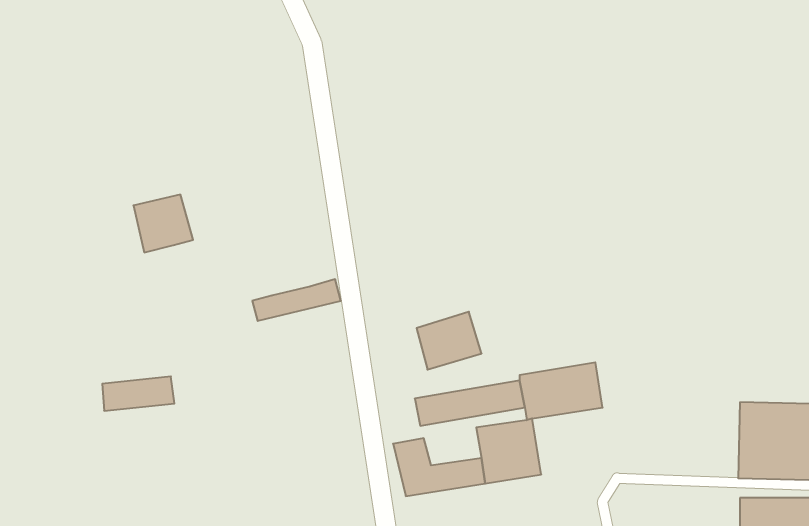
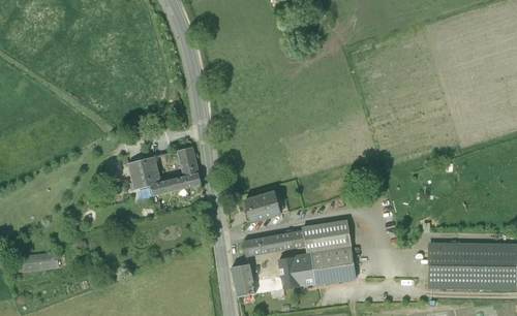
building: [133,195,193,252] -> [127,156,161,189]
building: none -> [177,147,197,177]
building: [102,376,174,411] -> [17,251,58,271]
building: none -> [310,246,356,284]

